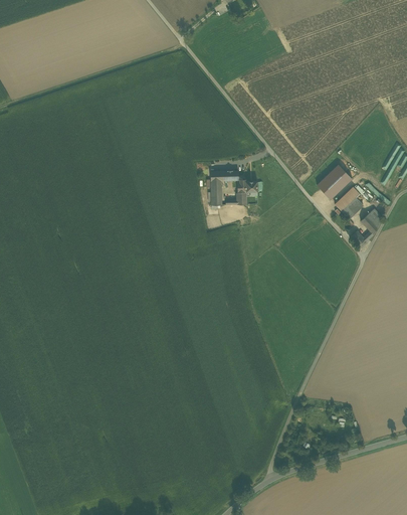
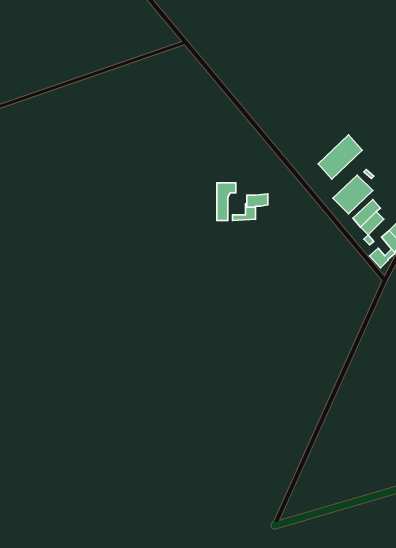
building: none -> [318,135,362,179]

